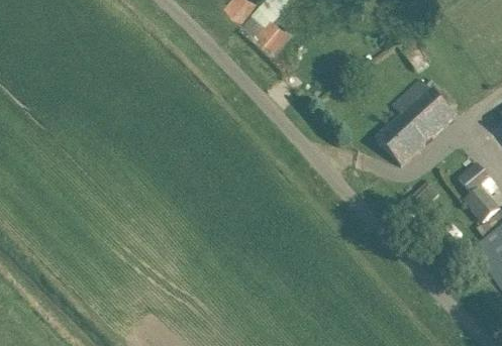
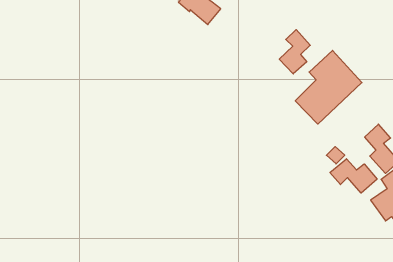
building: none -> [279,30,310,74]
building: none -> [330,159,377,193]

